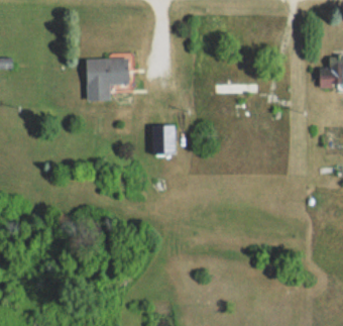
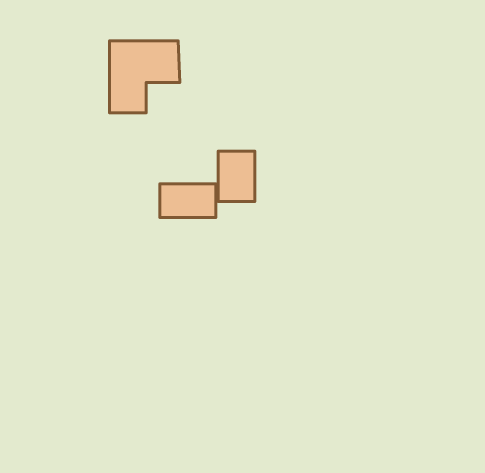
building: none -> [160,184,216,217]

